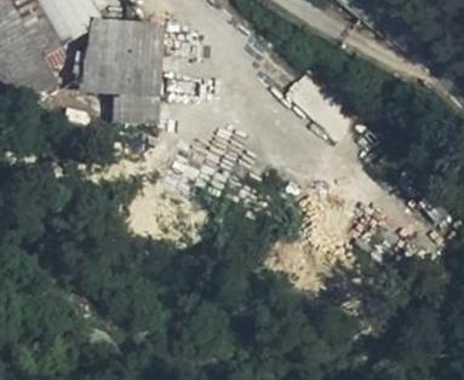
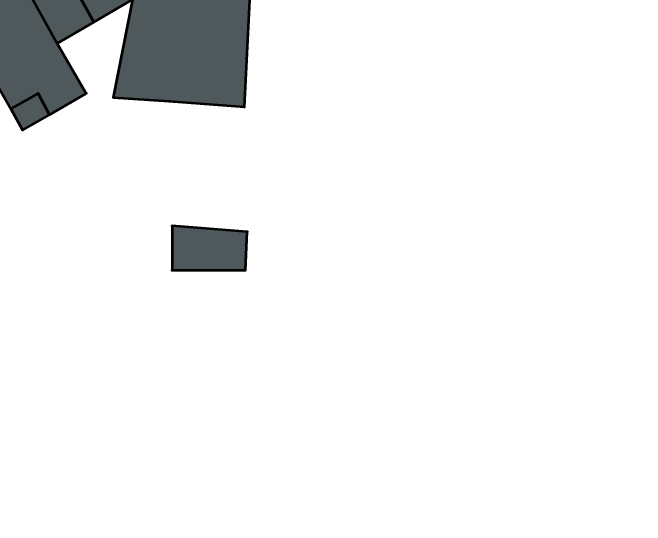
building: [109,88,156,116] -> [172,226,247,270]

